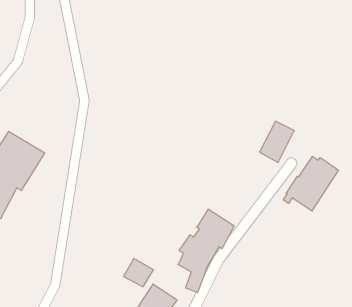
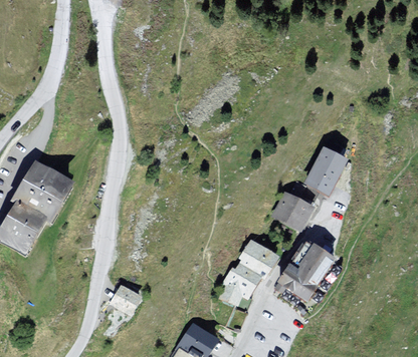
building: [283,157,338,211] -> [274,241,334,299]
building: none -> [273,192,311,228]
building: [124,259,154,287] -> [111,283,143,313]

